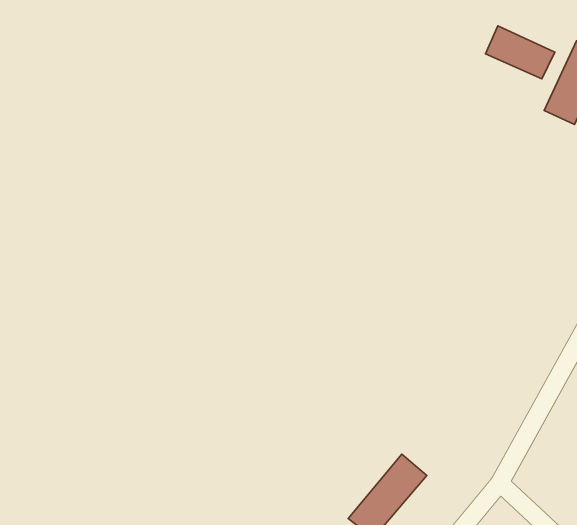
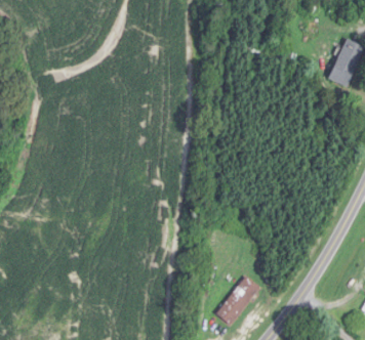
building: [485,26,555,79] -> none

